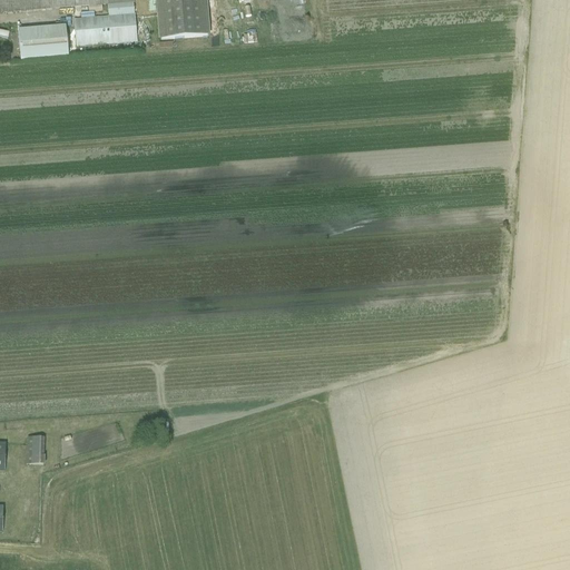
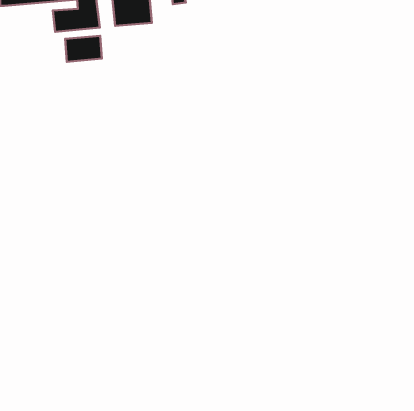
building: [18,21,68,57] -> [65,36,102,62]
building: [26,433,45,462] -> none

